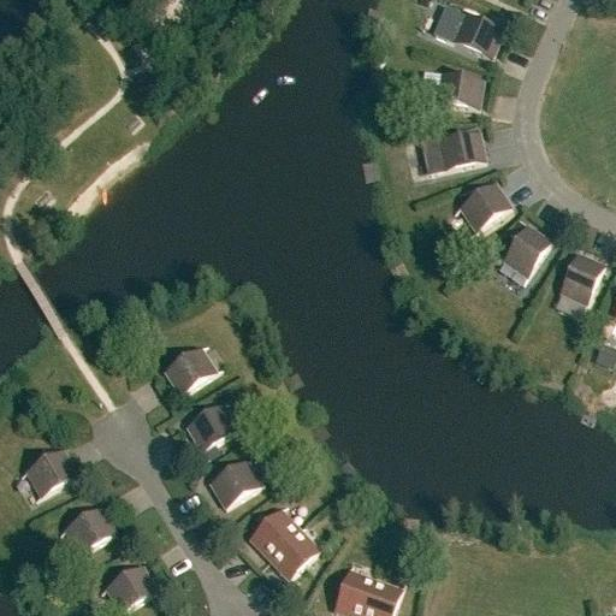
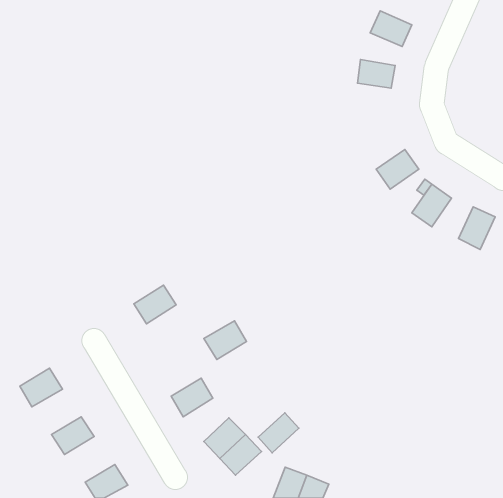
building: [436,131,482,168] -> none
building: [184,403,236,450] -> [204,321,247,359]
building: none -> [258,413,299,453]

